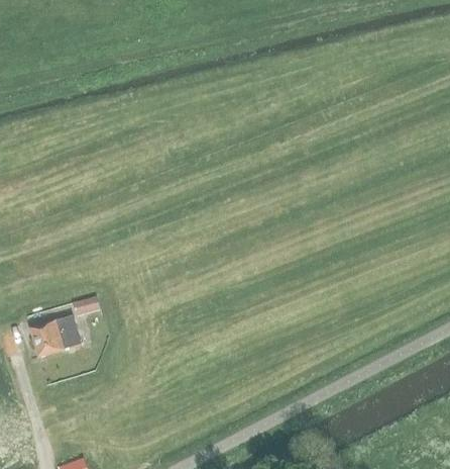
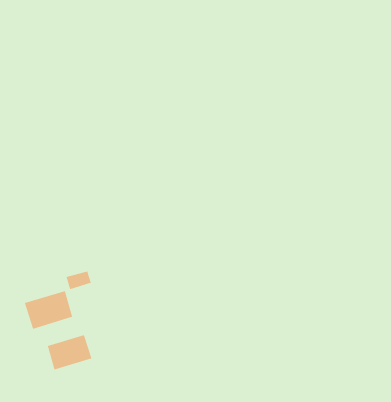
building: none -> [47,334,92,371]

